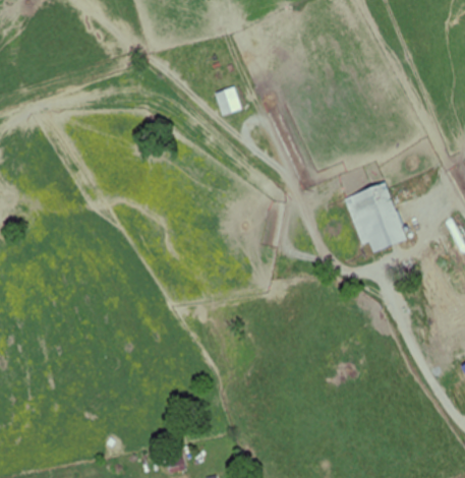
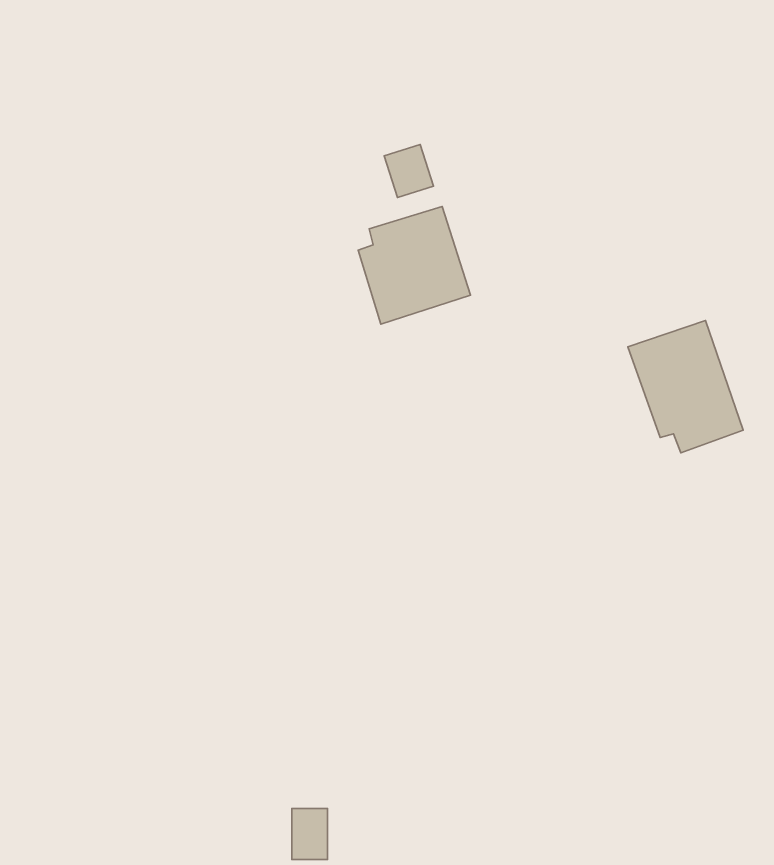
building: none -> [358,207,471,324]

